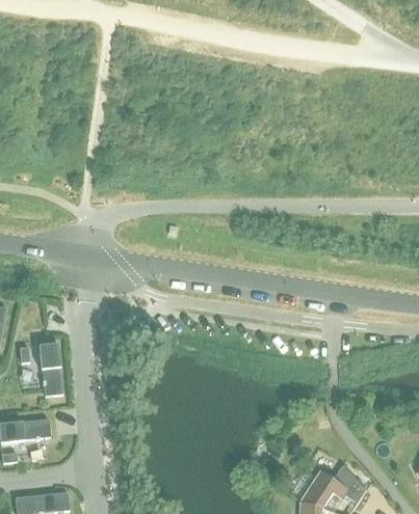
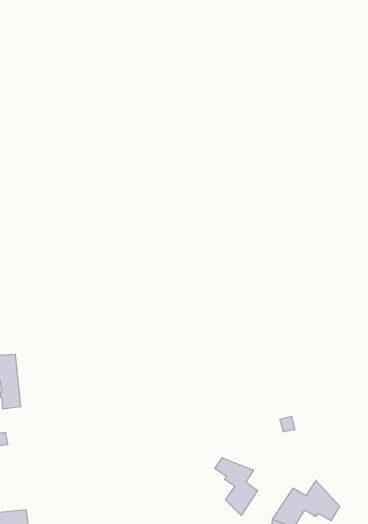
building: none -> [215,458,257,515]

